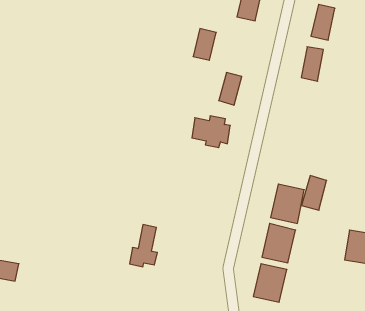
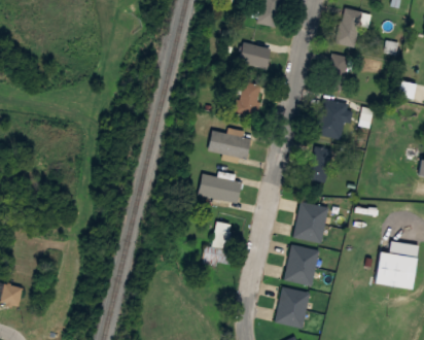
building: [193,29,216,60] -> [249,37,274,71]
building: none -> [315,98,342,137]
building: none -> [200,170,242,202]
building: [302,176,327,210] -> [307,145,333,182]
building: [130,225,157,267] -> [203,220,233,266]

